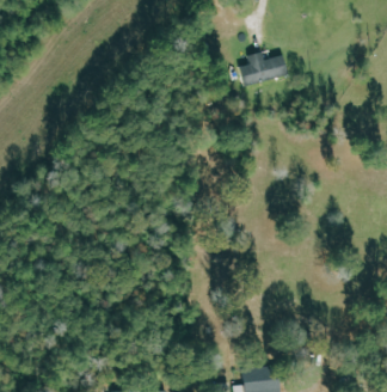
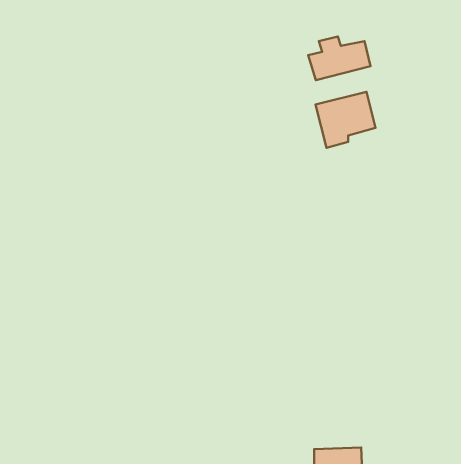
building: none -> [315,92,376,148]

